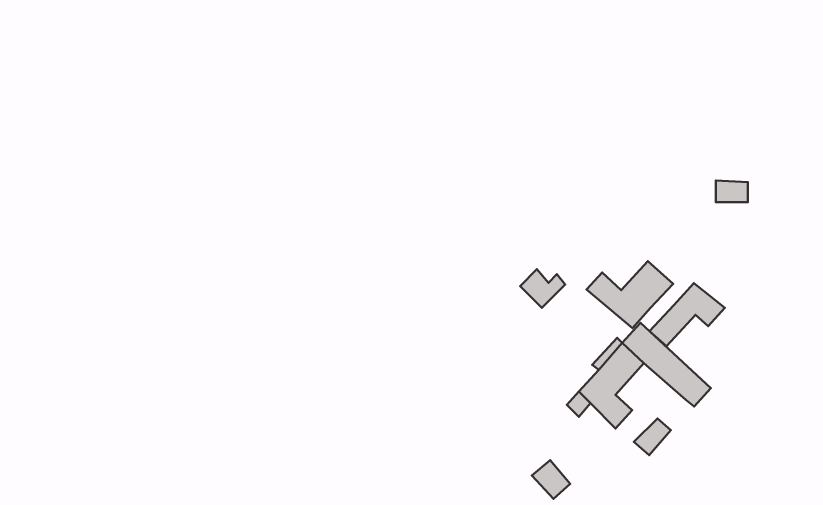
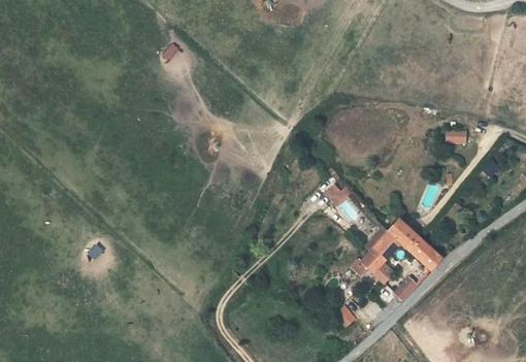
building: [587,261,673,328] -> none
building: [649,283,725,346] -> none

